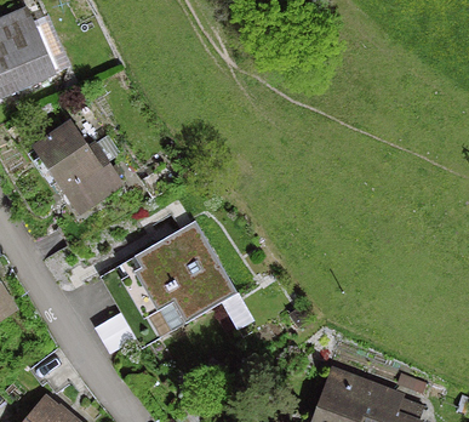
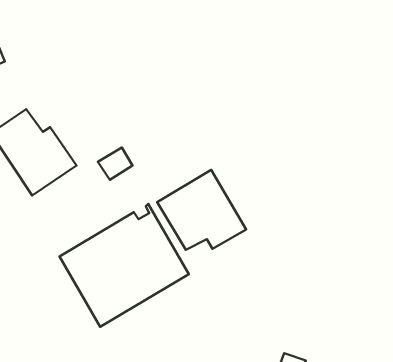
building: none -> [157,170,246,250]

